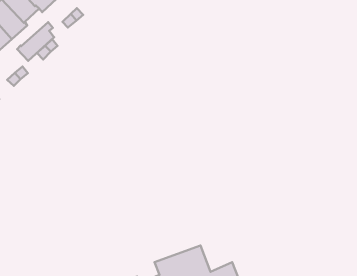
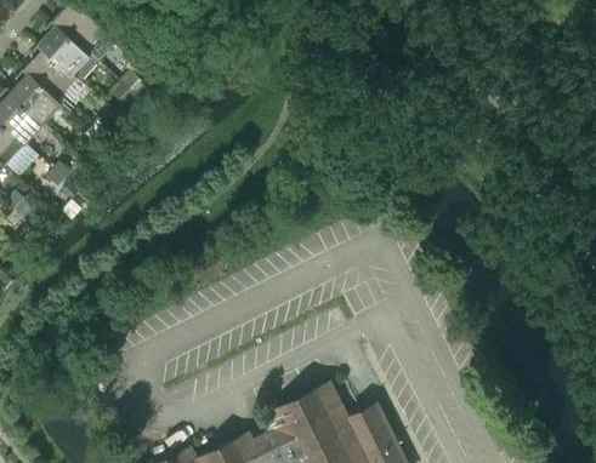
building: [17,22,54,61] -> none

